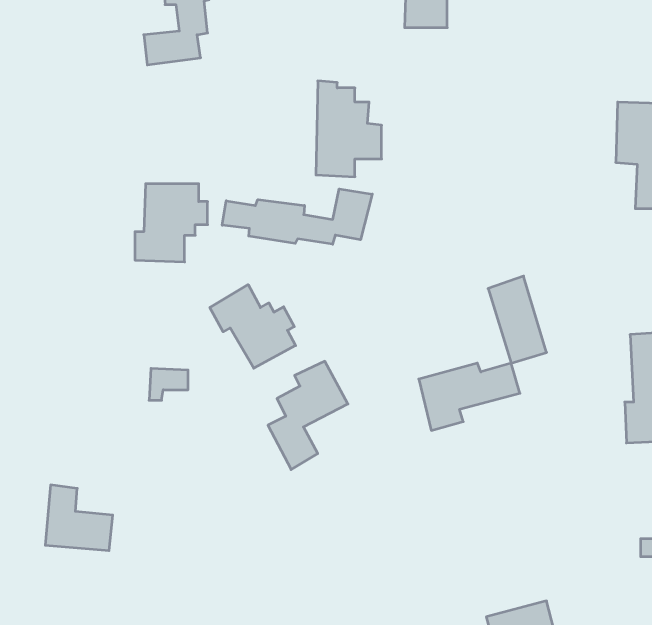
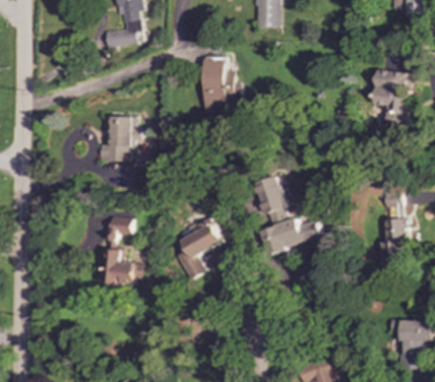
building: [222,189,372,244] -> none
building: [488,276,547,363] -> [255,175,289,225]
building: [210,285,296,368] -> none
building: [45,485,113,551] -> [103,246,141,283]

